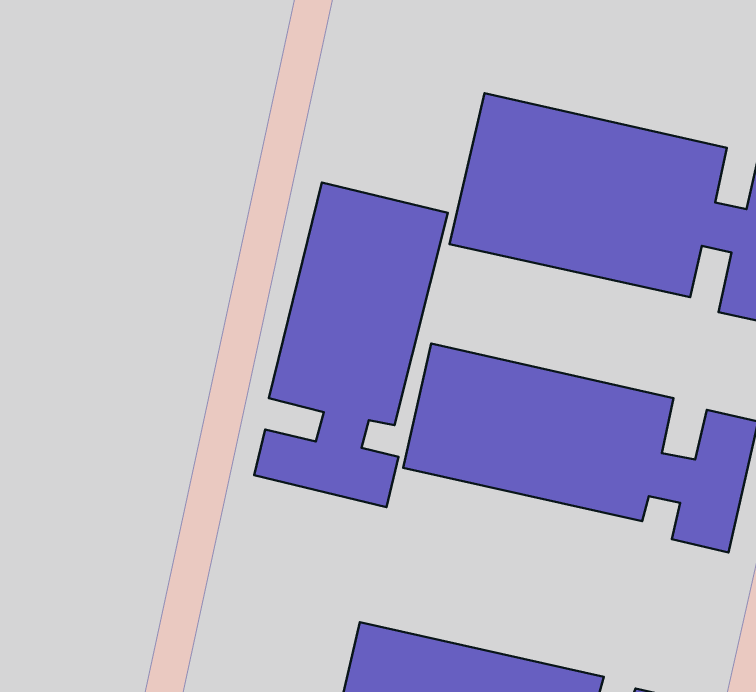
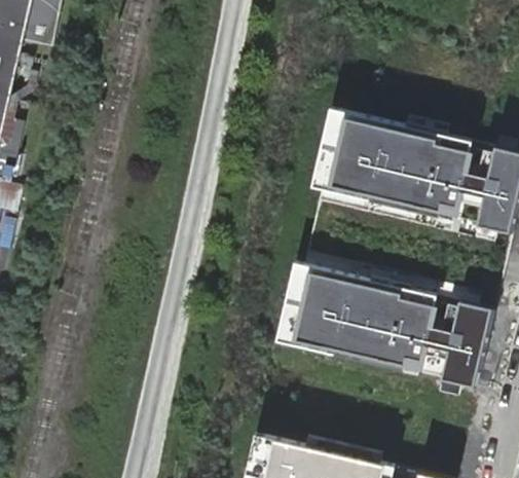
building: [254,182,448,507] -> none

